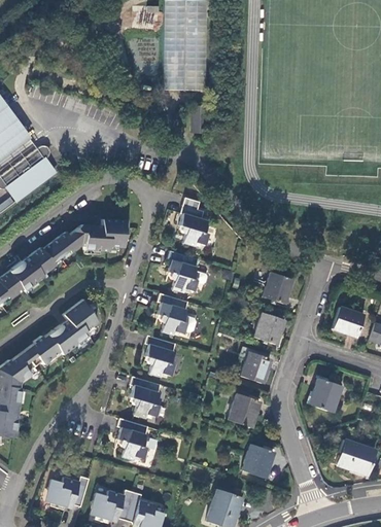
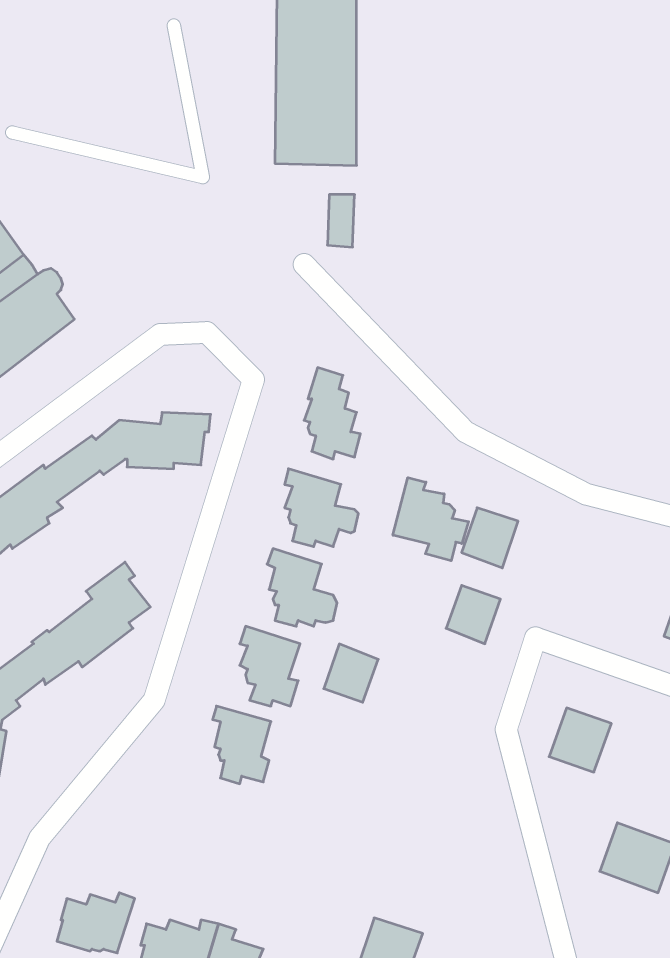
building: none -> [393,478,469,561]
building: [333,307,363,337] -> none
building: [241,351,270,382] -> [324,644,378,702]
building: [228,393,259,427] -> none
building: [118,418,149,459] -> none
building: [242,445,273,478] -> none

